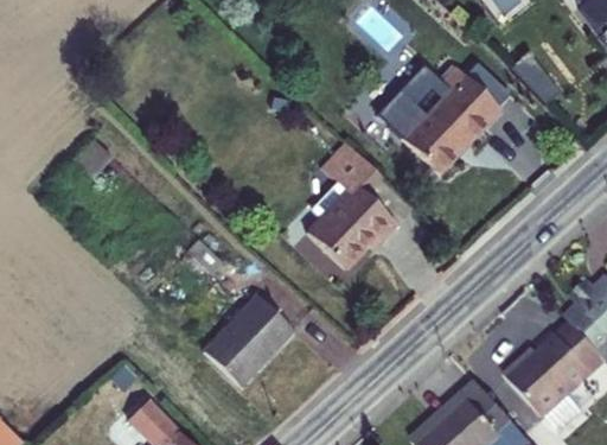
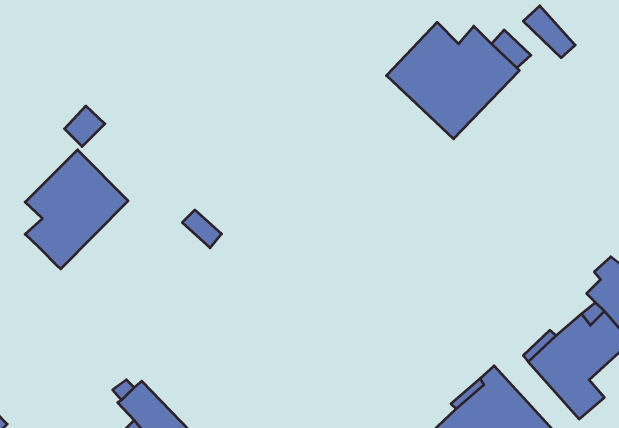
building: [308,142,398,268] -> none
building: none -> [25,150,128,269]
building: [203,294,292,383] -> none

